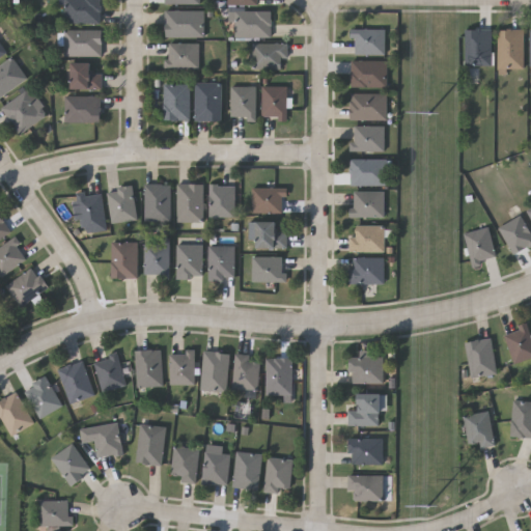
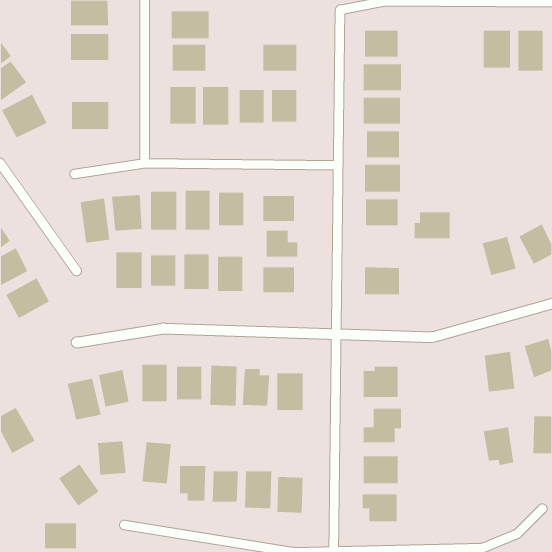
building: [233,10,270,37] -> none
building: [71,63,101,89] -> none
building: [348,225,384,251] -> [414,212,451,239]
building: [23,375,62,418] -> none

